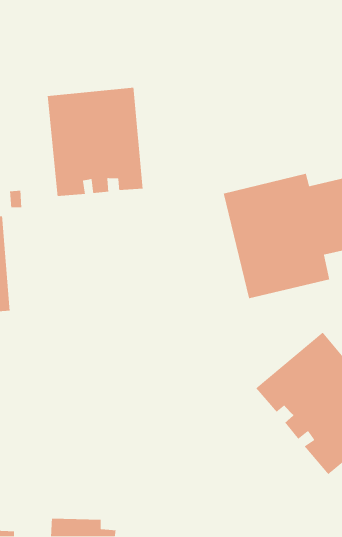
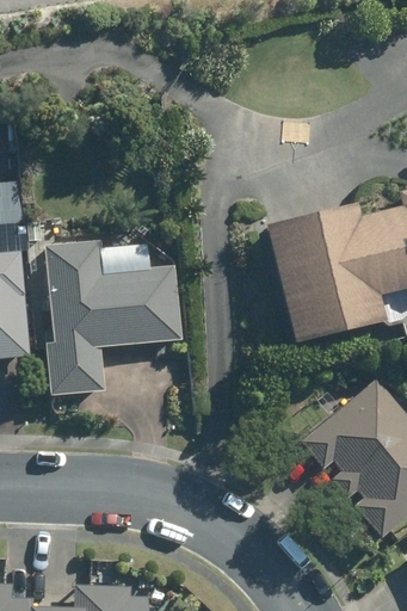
building: [47,87,144,197] -> none
building: none -> [44,241,183,395]

